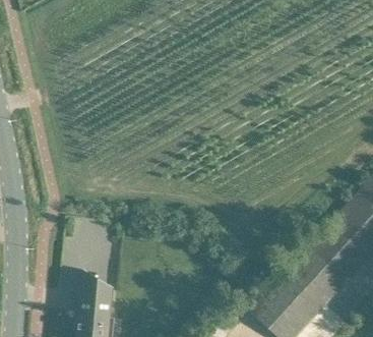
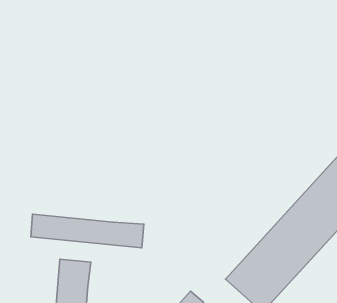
building: none -> [31,214,144,248]

